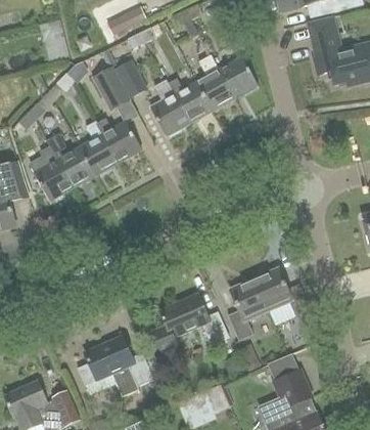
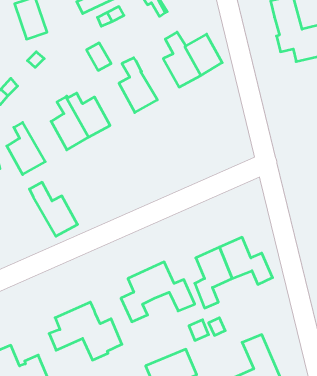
building: [92,64,131,110] -> none
building: [168,77,213,123] -> none
building: [46,131,96,187] -> [29,182,78,236]

